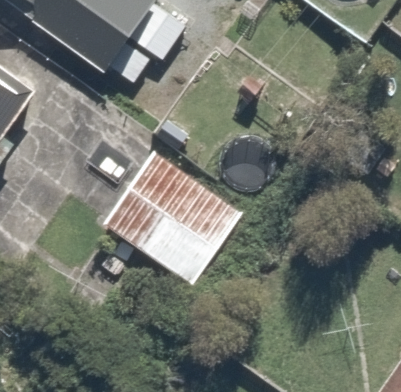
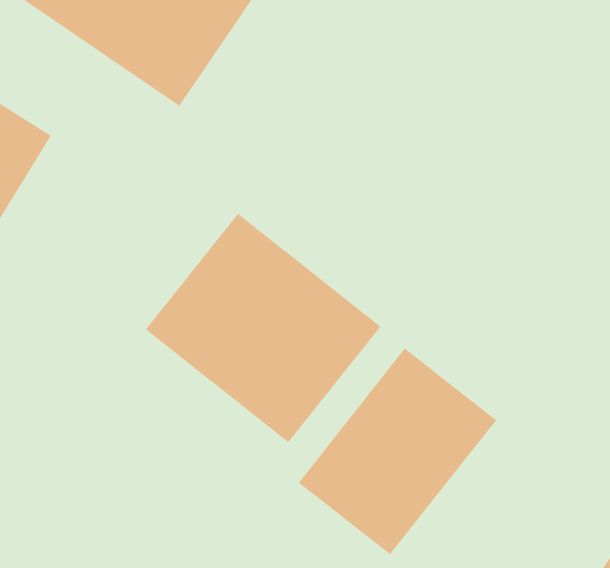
building: none -> [298,348,497,555]

